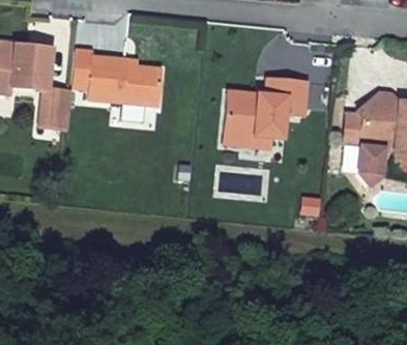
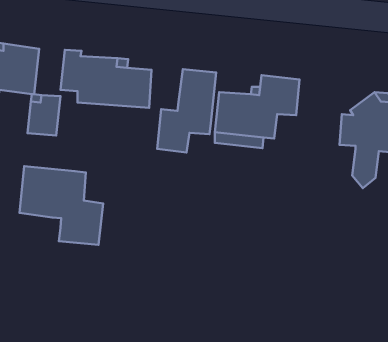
building: none -> [157,69,216,153]
building: none -> [20,166,103,245]

